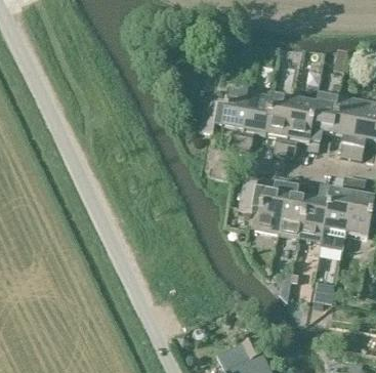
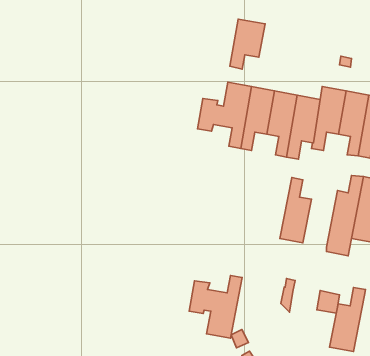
building: none -> [230,19,265,69]
building: [238,173,288,233] -> [189,275,242,338]
building: [298,180,332,241] -> [330,287,365,351]

